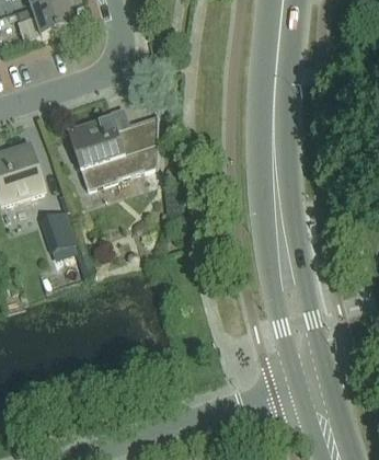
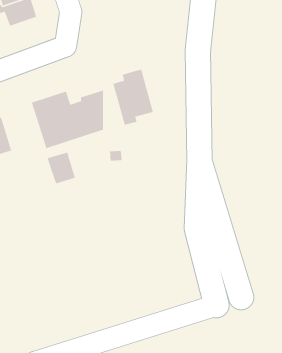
building: none -> [111,68,156,127]
building: [41,209,77,250] -> [47,152,76,184]

